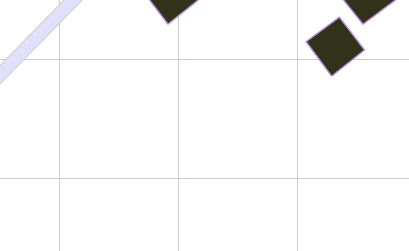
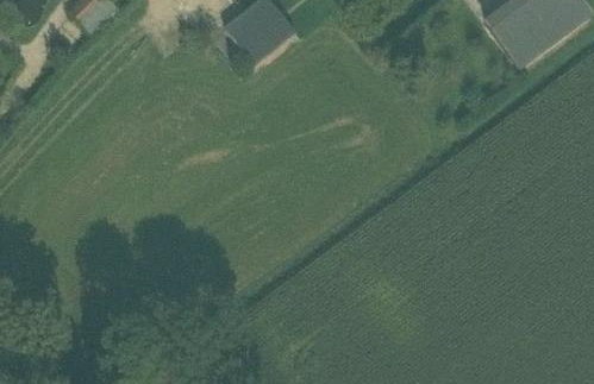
building: [306,17,364,76] -> none

